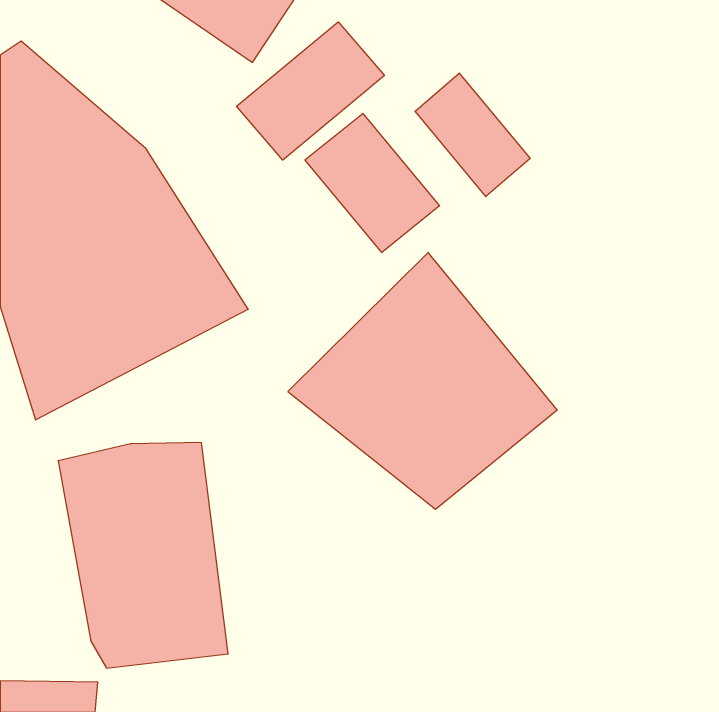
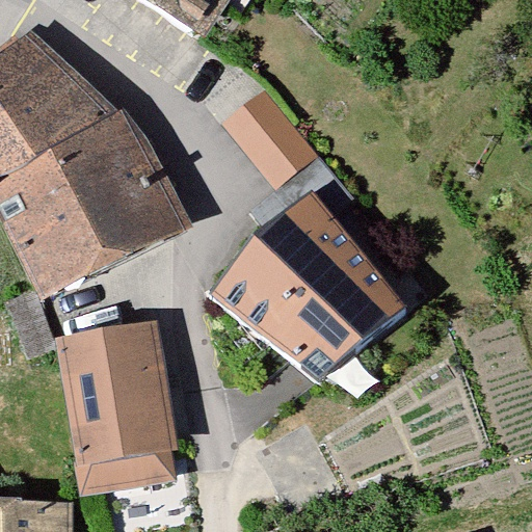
building: [236,22,384,160] -> none
building: [415,73,530,197] -> none

